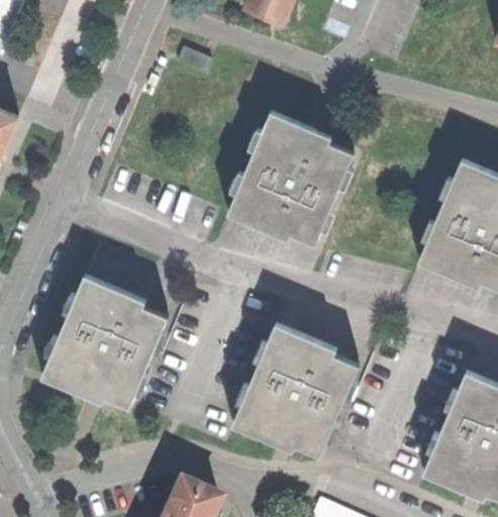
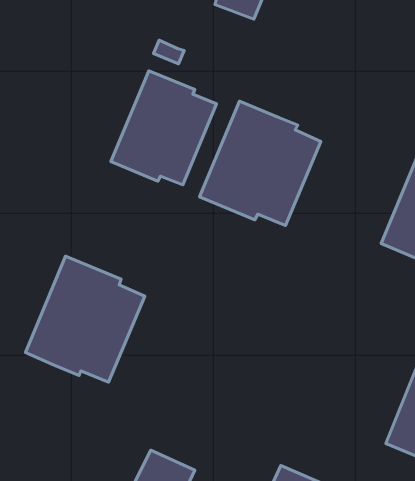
building: none -> [111,71,216,185]
building: [234,323,357,455] -> none

